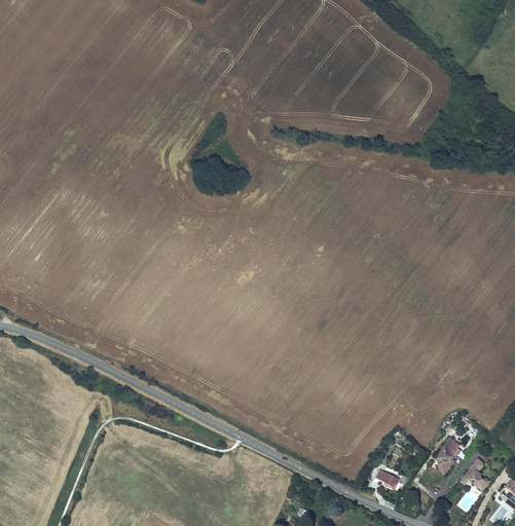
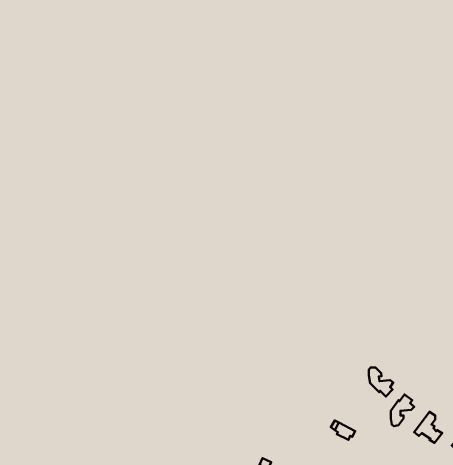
building: none -> [369,367,393,397]

